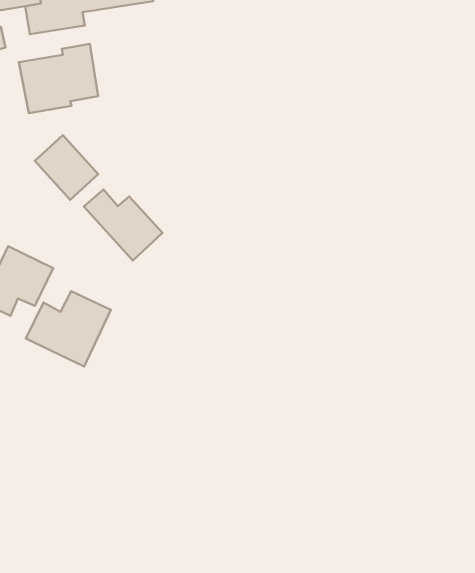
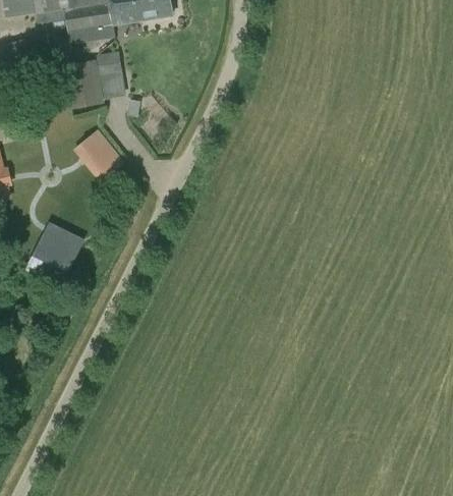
building: [84,189,162,260] -> none
building: [26,291,111,366] -> none

